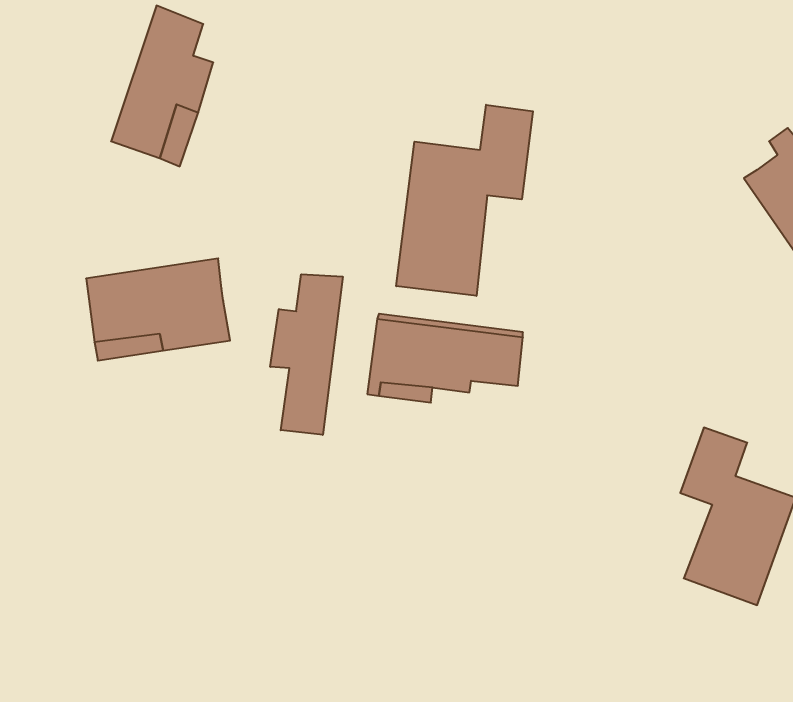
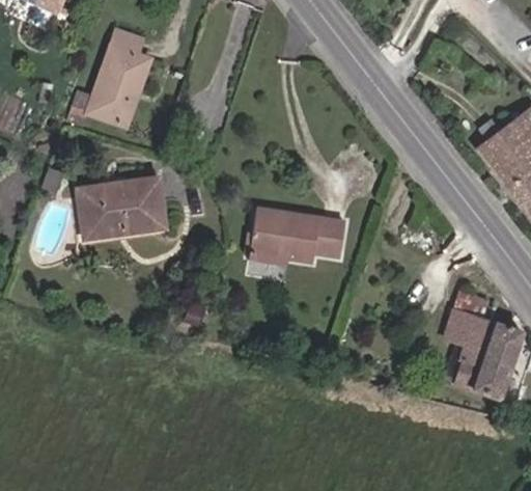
building: [396,105,533,296] -> none
building: [270,274,343,435] -> none

